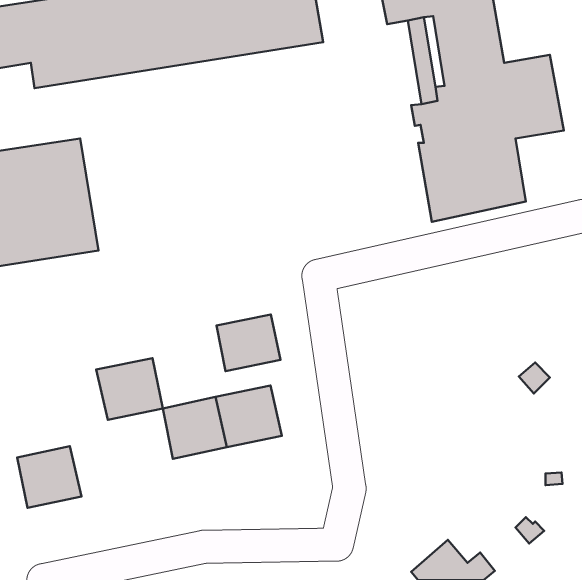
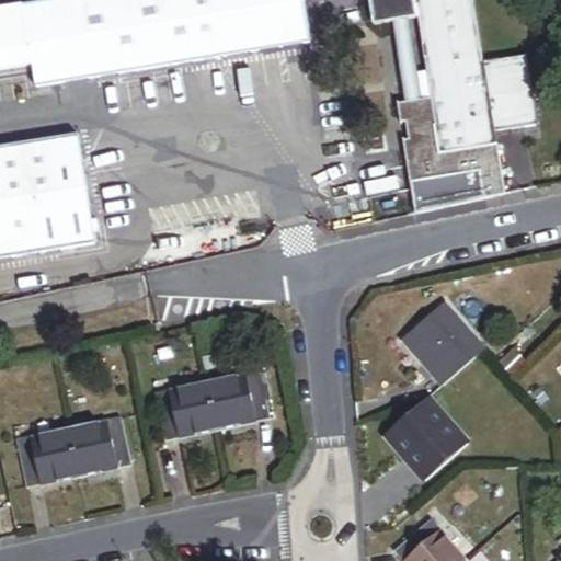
building: none -> [402,300,484,383]
building: [217,314,281,371] -> none
building: [96,358,163,420] -> [67,416,130,476]
building: none -> [385,396,467,480]

